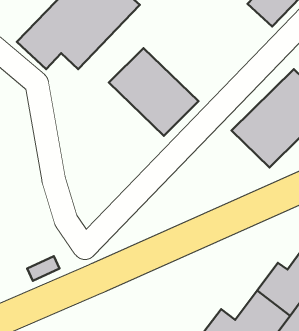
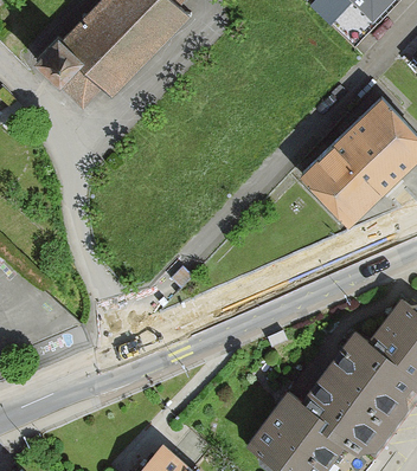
building: [109,48,198,136] -> none

